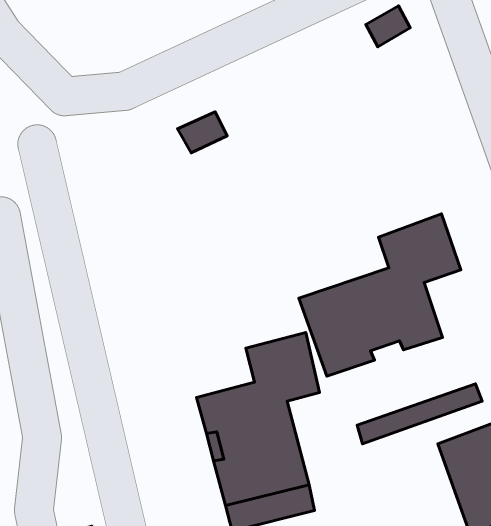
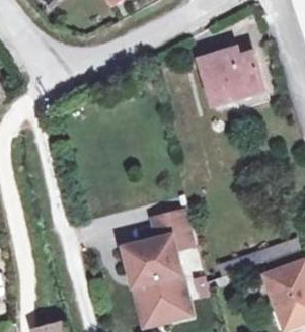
building: none -> [199,48,263,104]
building: [299,214,461,376] -> none

